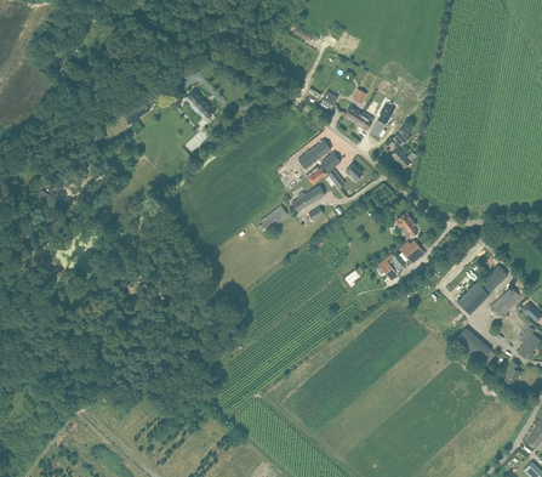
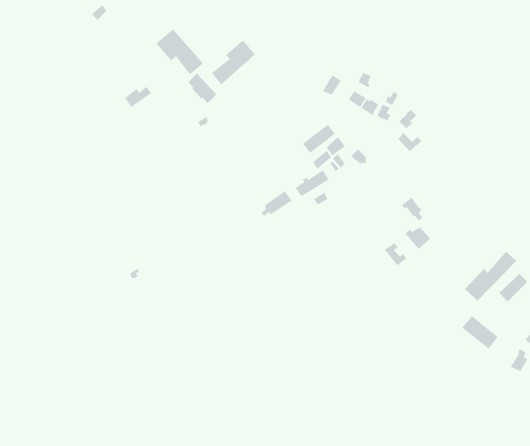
building: none -> [156,29,204,75]
building: none -> [211,40,256,85]

